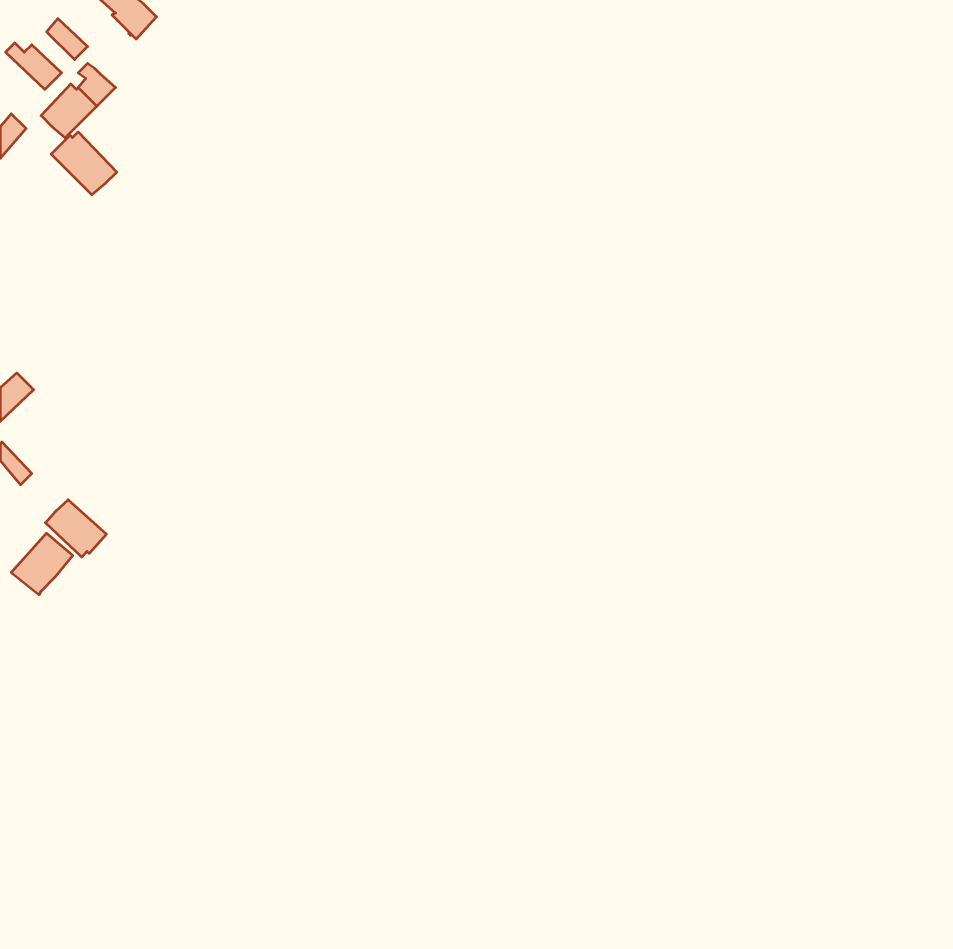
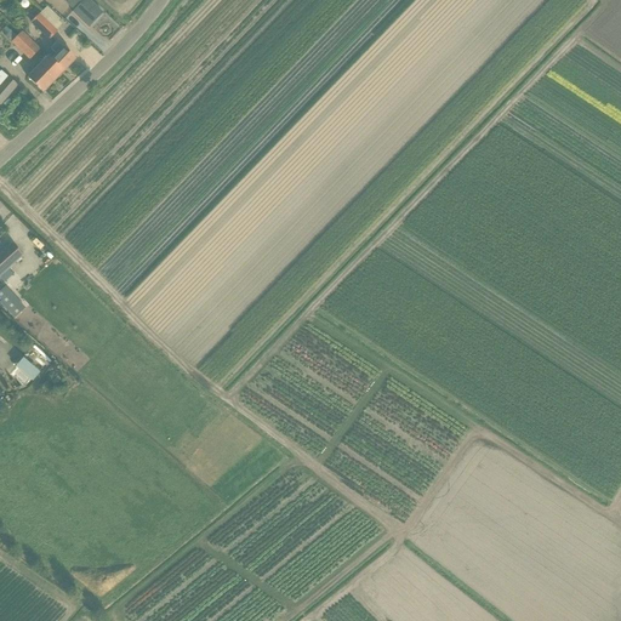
building: [51,132,117,195] -> none
building: [45,500,106,557] -> none

